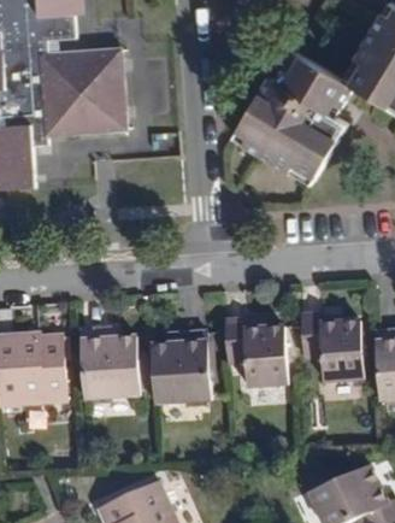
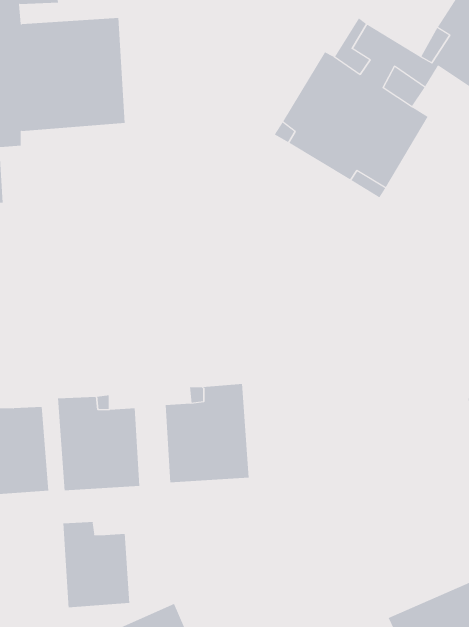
building: [302,313,366,380] -> none
building: [223,318,288,386] -> none
building: none -> [63,521,130,608]

